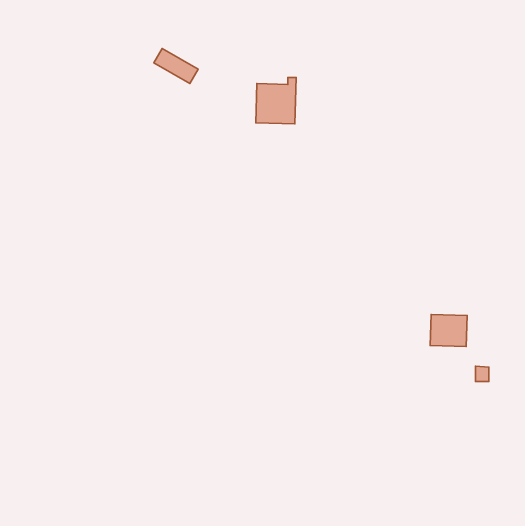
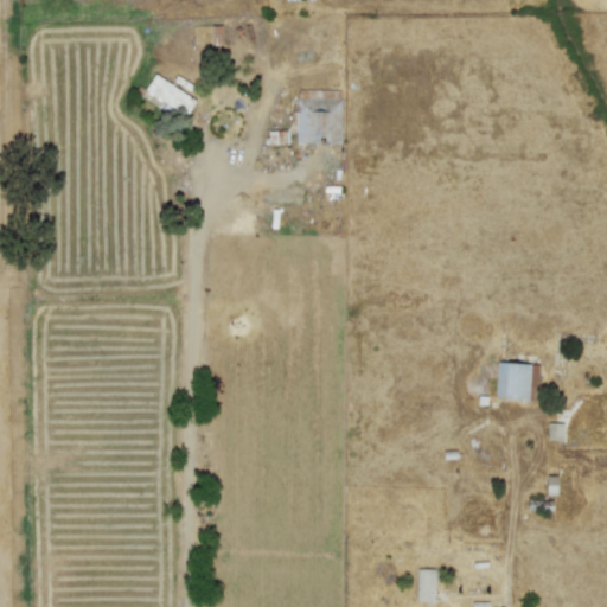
building: [154,48,198,83] -> [146,75,197,115]
building: none -> [417,569,436,601]

